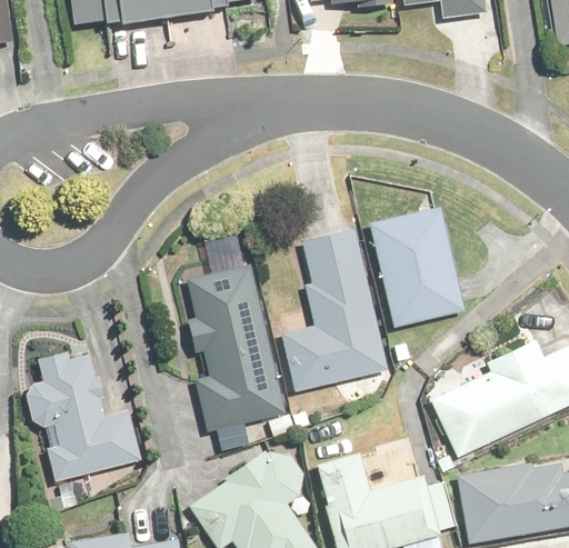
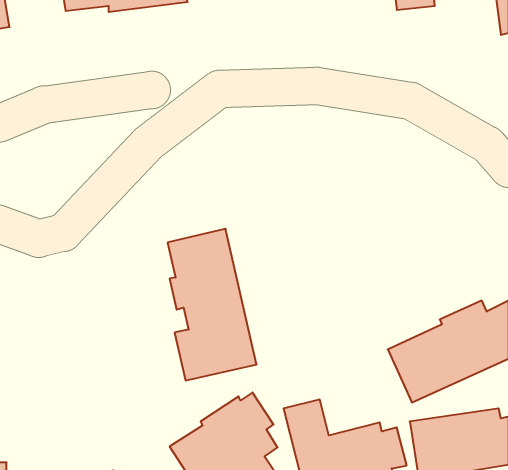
building: [371,209,465,328] -> none
building: [283,229,387,392] -> none
building: [28,353,141,484] -> none

